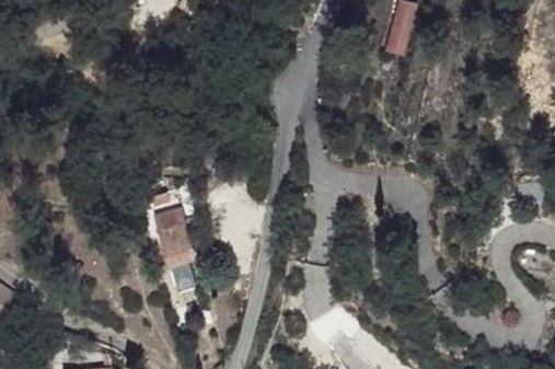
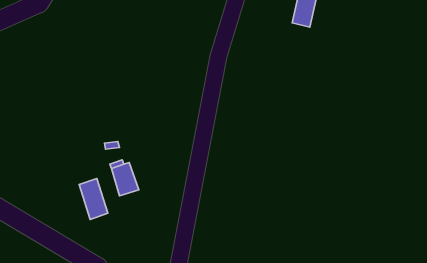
building: none -> [79,179,108,219]

